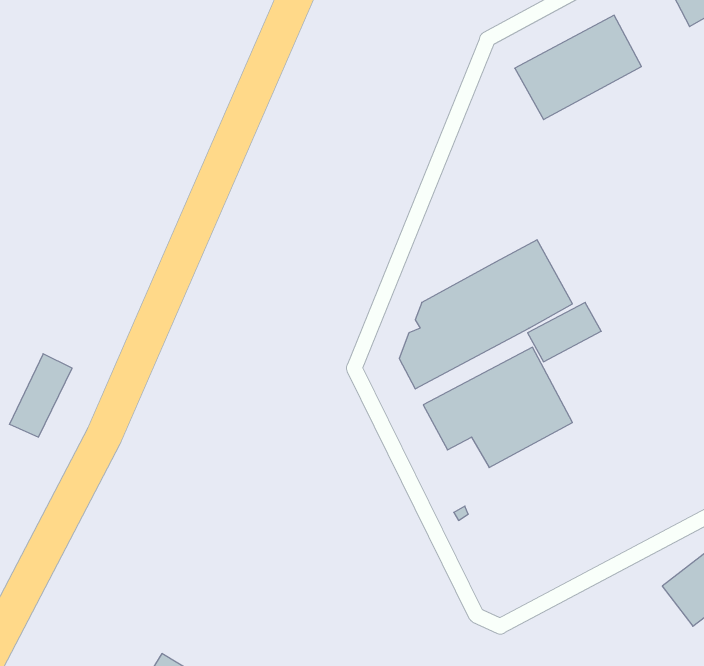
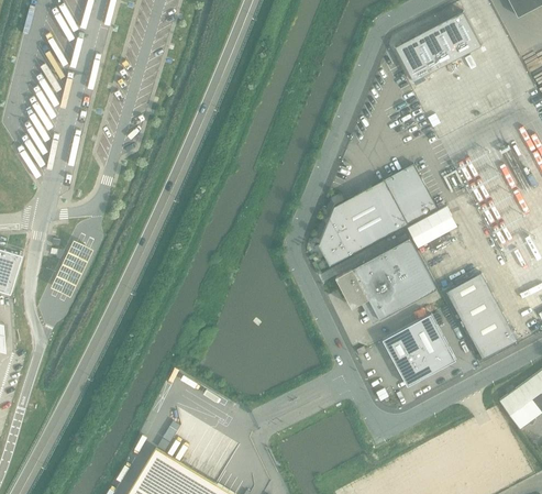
building: none -> [445,274,517,361]
building: none -> [381,316,455,388]

